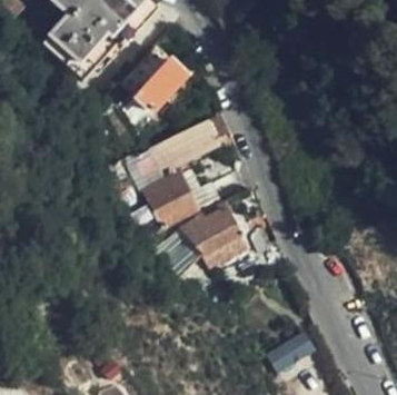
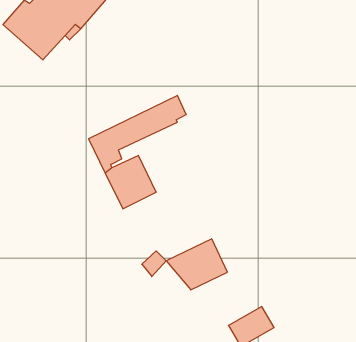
building: [122,49,185,110] -> none
building: [178,204,239,255] -> [166,239,227,290]

